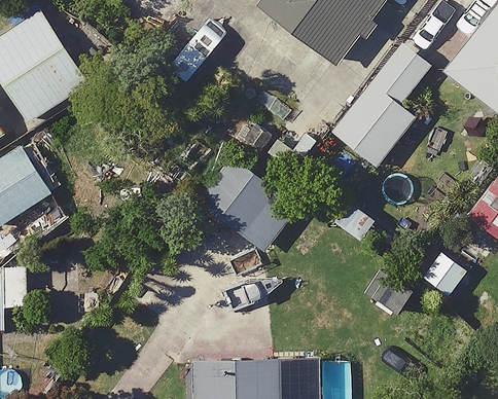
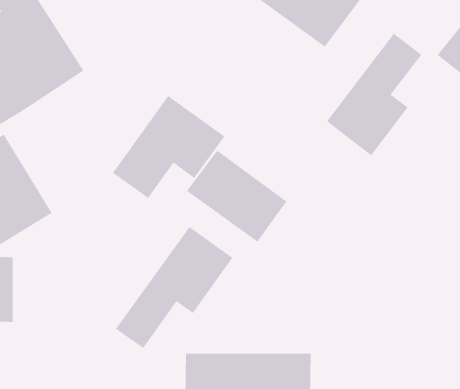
building: none -> [112,95,225,199]
building: none -> [115,226,233,349]

